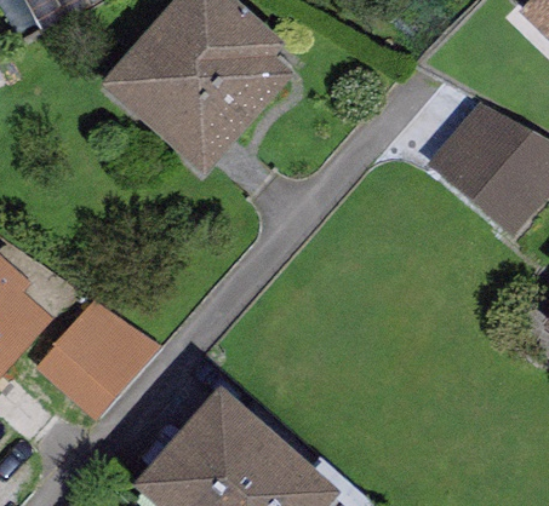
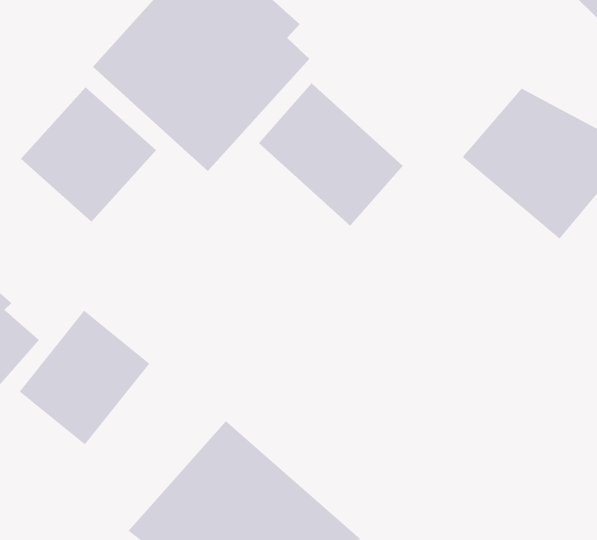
building: none -> [258,83,403,226]
building: none -> [20,87,157,222]

